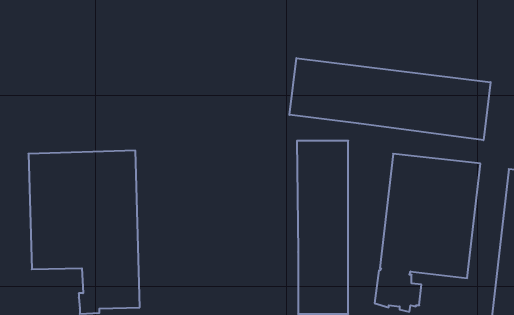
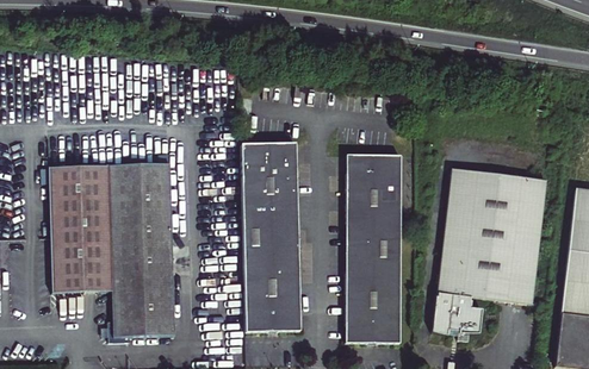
building: [289,58,491,140] -> none
building: none -> [238,142,299,332]

